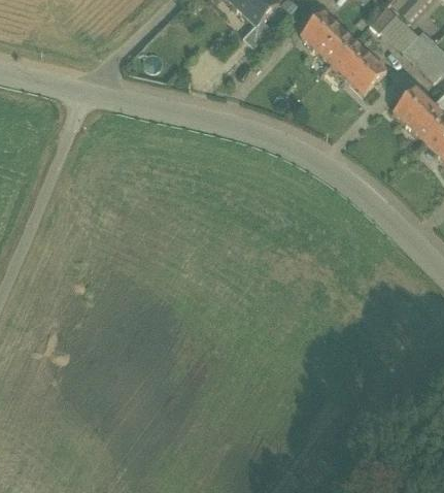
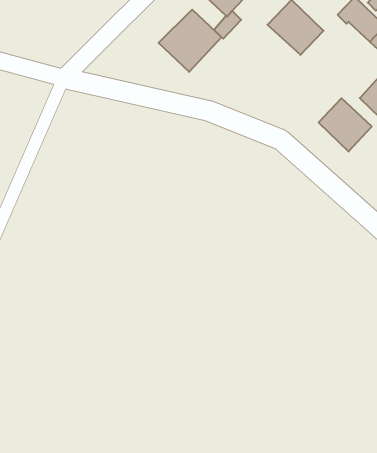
building: none -> [159,10,221,72]
building: [331,39,385,94] -> [319,98,372,152]

